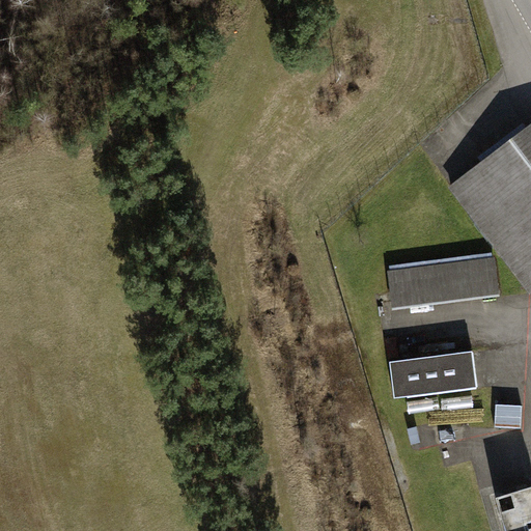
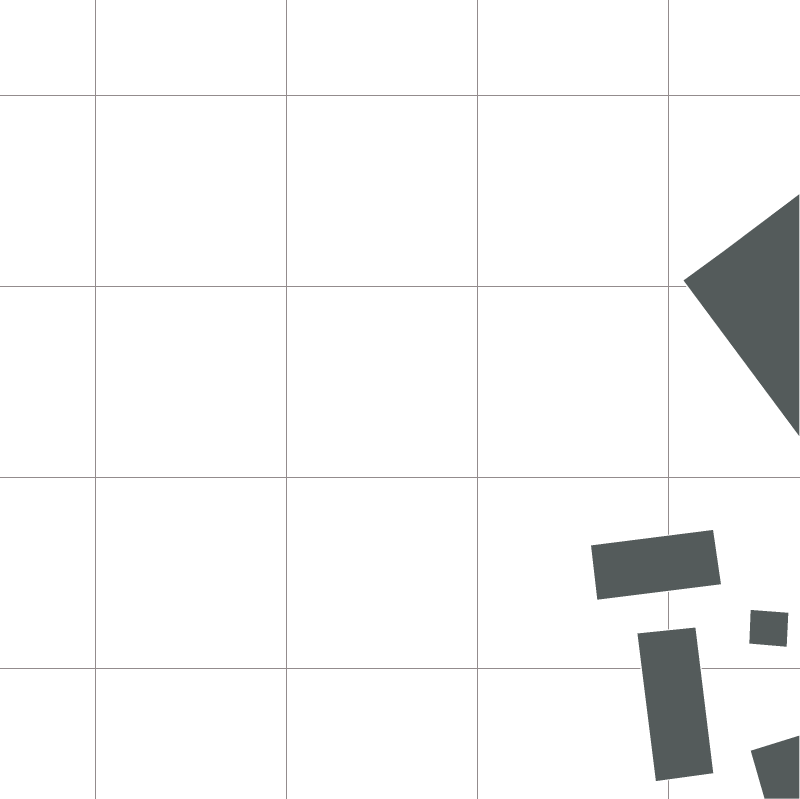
building: [390,258,499,304] -> none
building: none -> [637,627,714,782]

